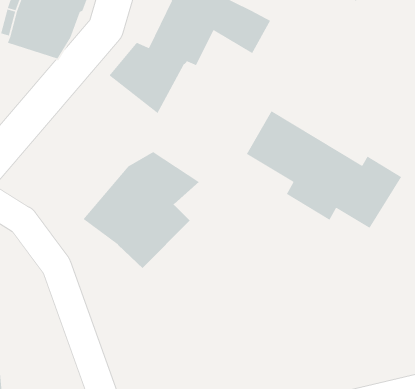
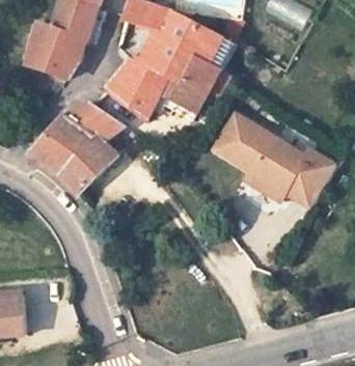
building: none -> [169,52,219,107]
building: [82,151,200,269] -> [31,101,122,192]

